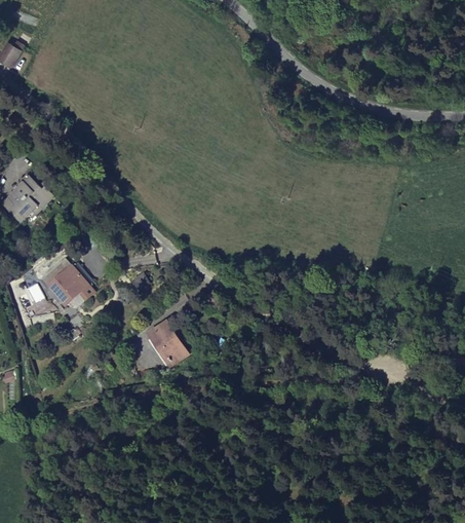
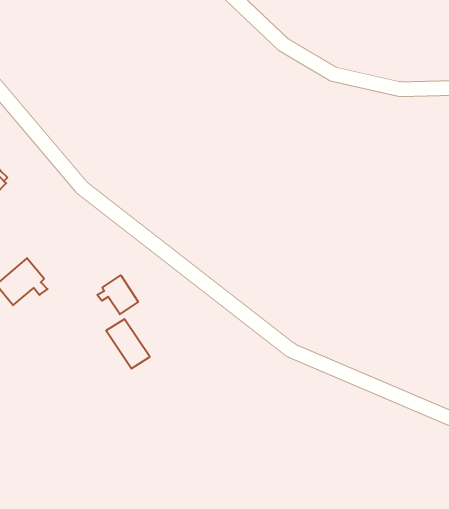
building: none -> [97,275,138,314]

